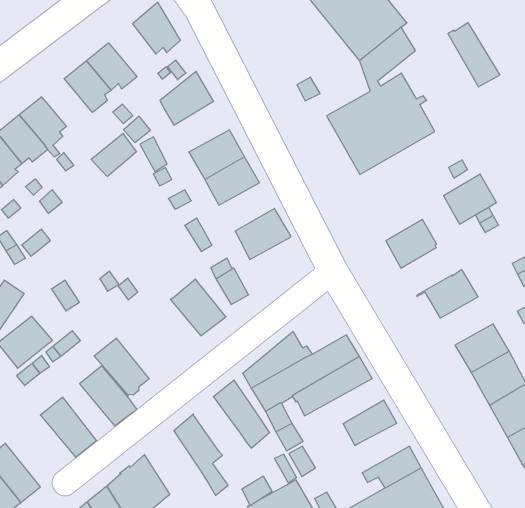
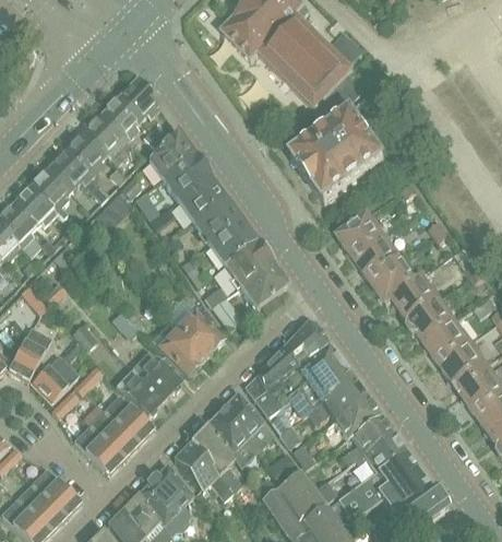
building: [448,23,500,87] -> none
building: none -> [99,95,141,140]
building: none -> [47,149,109,200]
building: none -> [163,154,211,200]
building: [444,174,496,224] -> [338,213,384,258]
building: none -> [208,220,256,263]
building: none -> [240,263,288,307]
building: none -> [370,259,415,302]
building: none -> [152,319,205,374]
building: none -> [407,297,454,341]
building: none -> [284,319,330,362]
building: none -> [133,350,182,398]
building: none -> [301,377,368,423]
building: none -> [93,409,140,456]
building: none -> [206,408,259,466]
building: none -> [342,413,394,463]
building: none -> [175,440,232,498]

